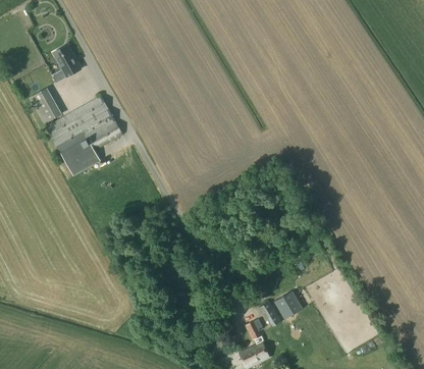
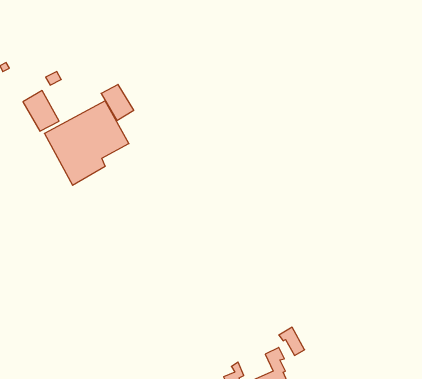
building: [52,45,82,77] -> [101,84,134,120]
building: [274,292,302,319] -> none

